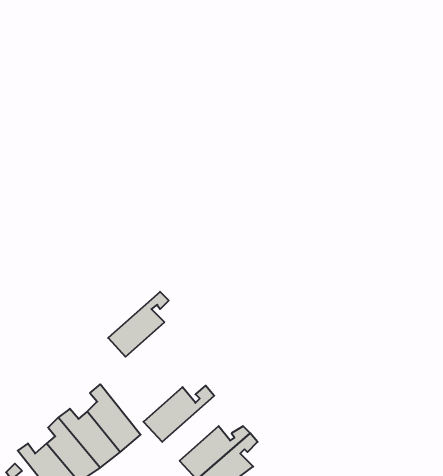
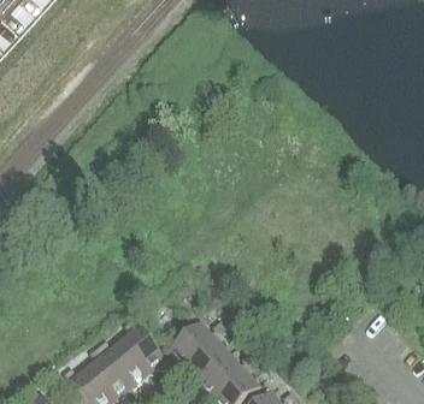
building: [108,292,169,357] -> [177,334,228,388]

